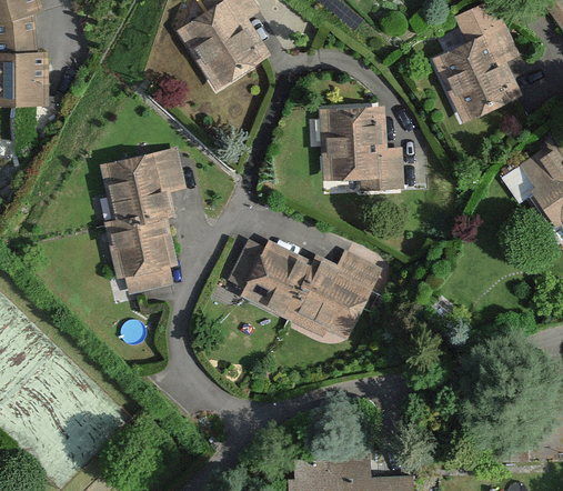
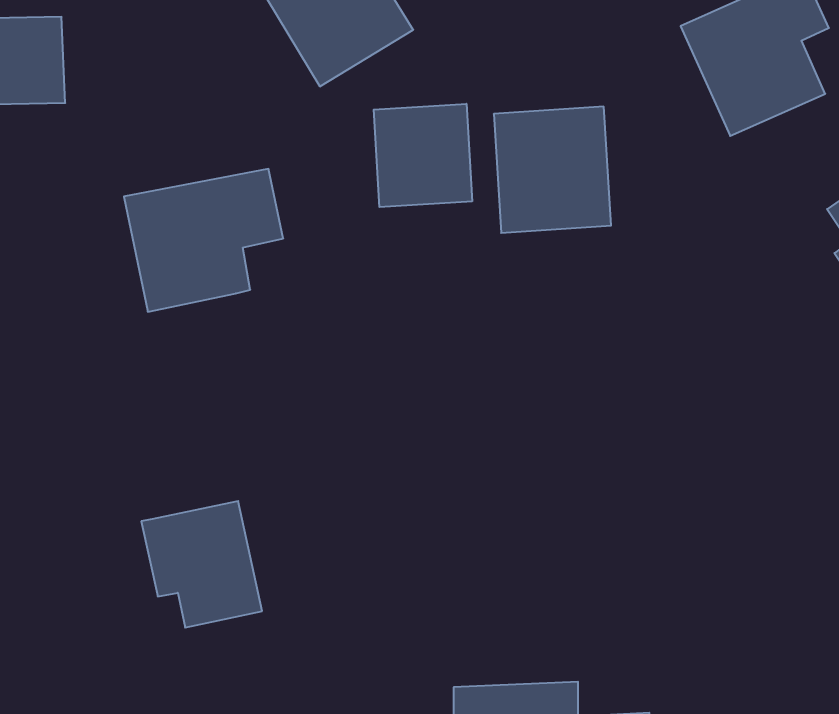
building: none -> [374,104,472,207]
building: [102,218,175,294] -> [141,501,262,628]
building: [238,238,385,341] -> none

